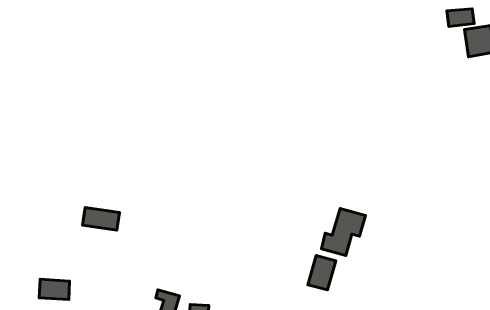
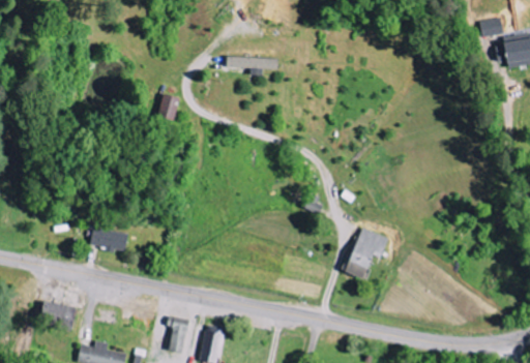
building: none -> [228,56,279,74]
building: none -> [158,93,180,119]
building: [308,256,336,290] -> none

